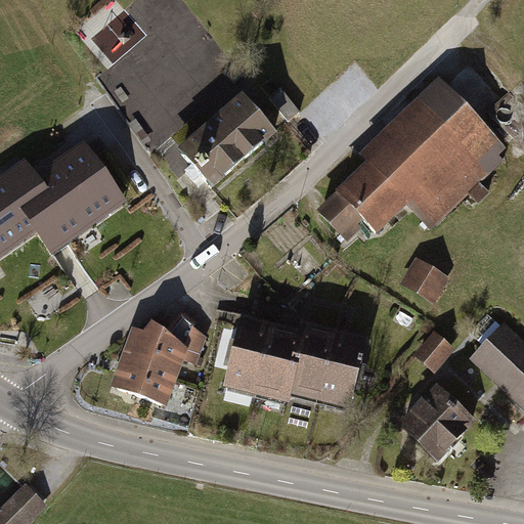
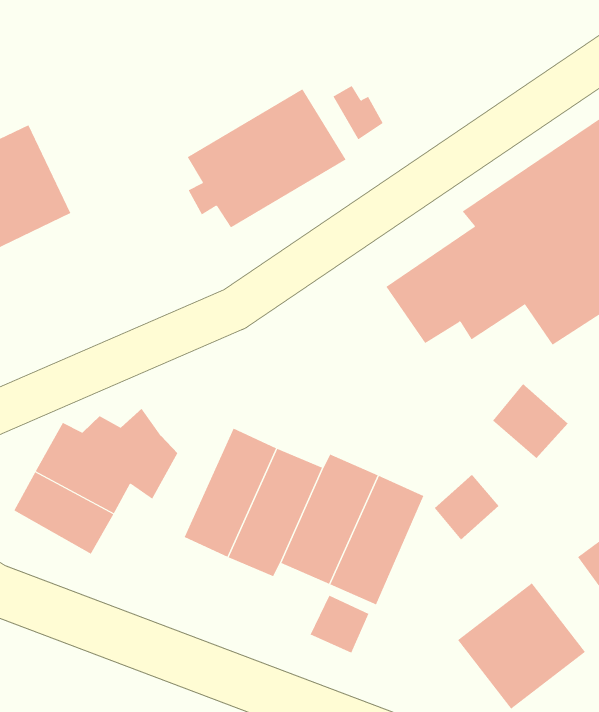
building: [413,328,454,370] -> [434,474,499,540]
building: none -> [310,595,369,654]

